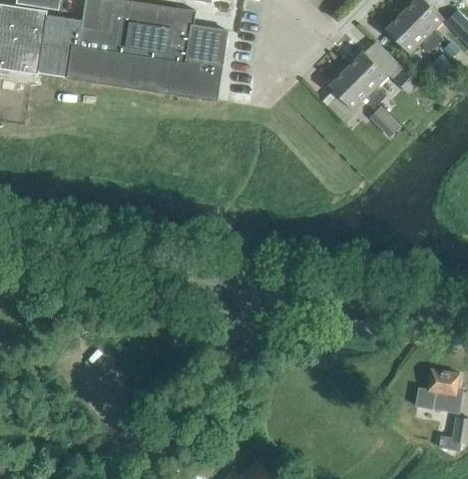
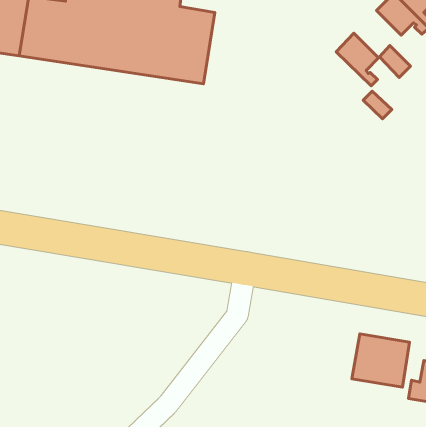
building: [329,68,380,109] -> none
building: none -> [352,334,409,387]

